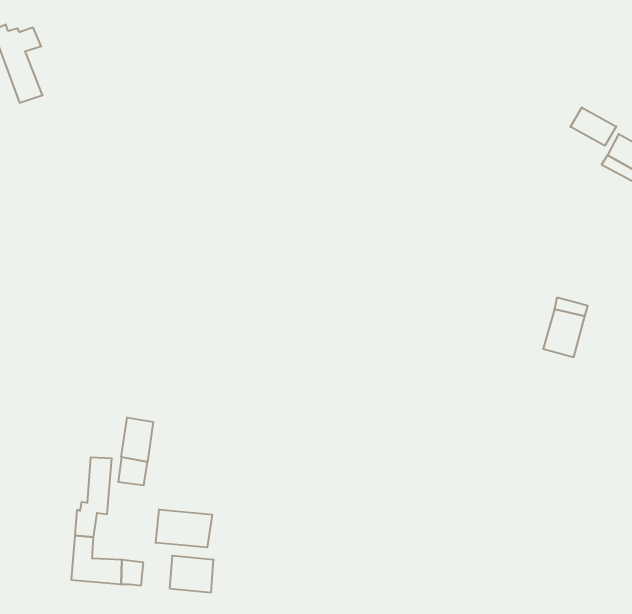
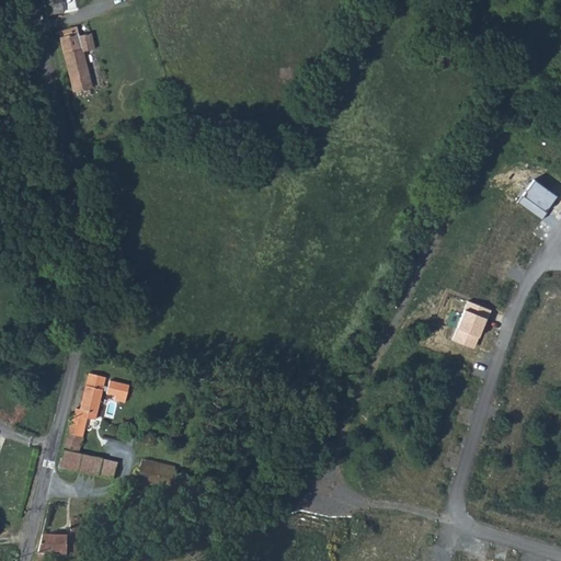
building: [570,107,616,146] -> none
building: [121,417,153,462] -> none
building: [156,509,212,547] -> none

